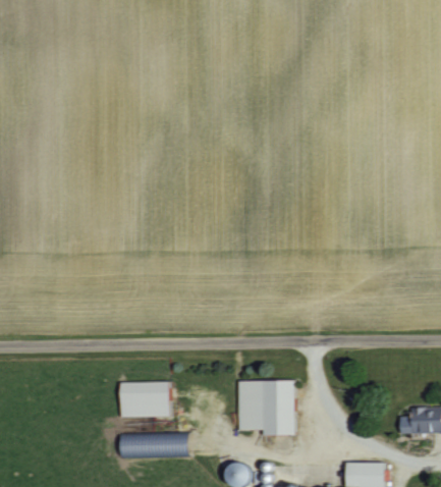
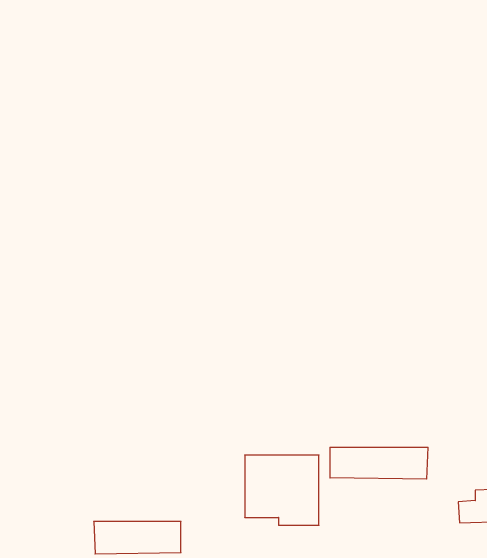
building: none -> [330,447,428,479]
building: [118,382,167,417] -> none

